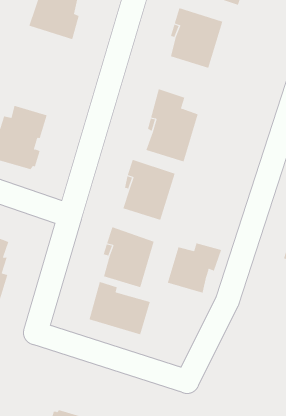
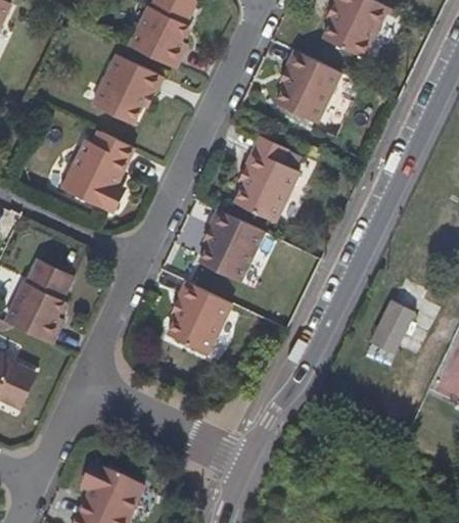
building: none -> [91,55,158,123]
building: [167,242,222,293] -> none
building: [89,281,151,335] -> none

